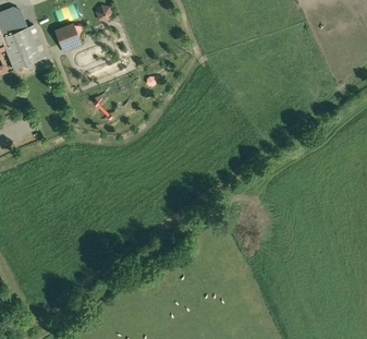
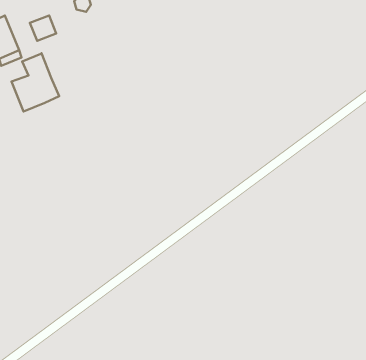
building: none -> [12,53,59,111]

